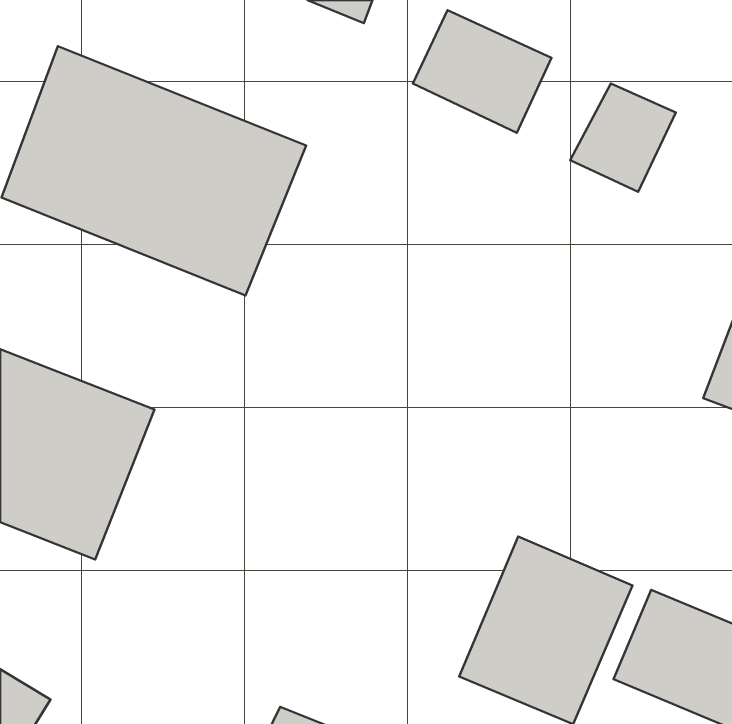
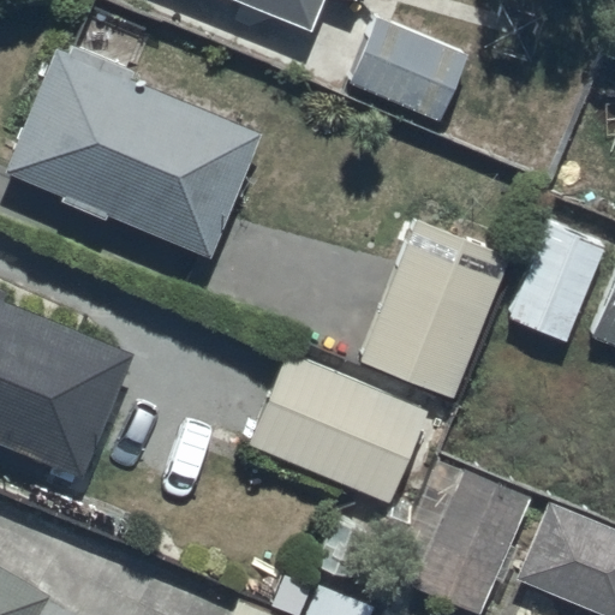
building: none -> [359,220,510,404]
building: none -> [500,221,605,347]
building: none -> [249,360,425,502]

